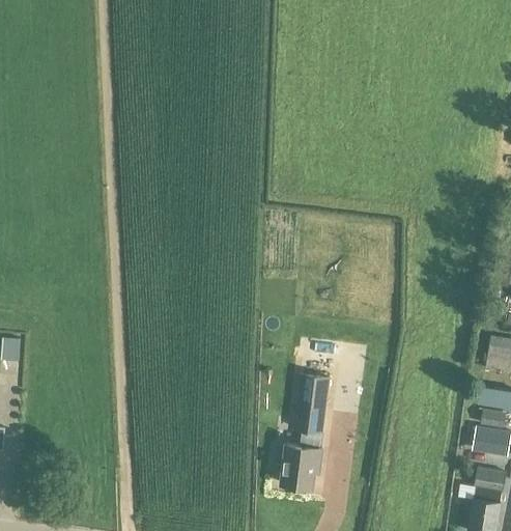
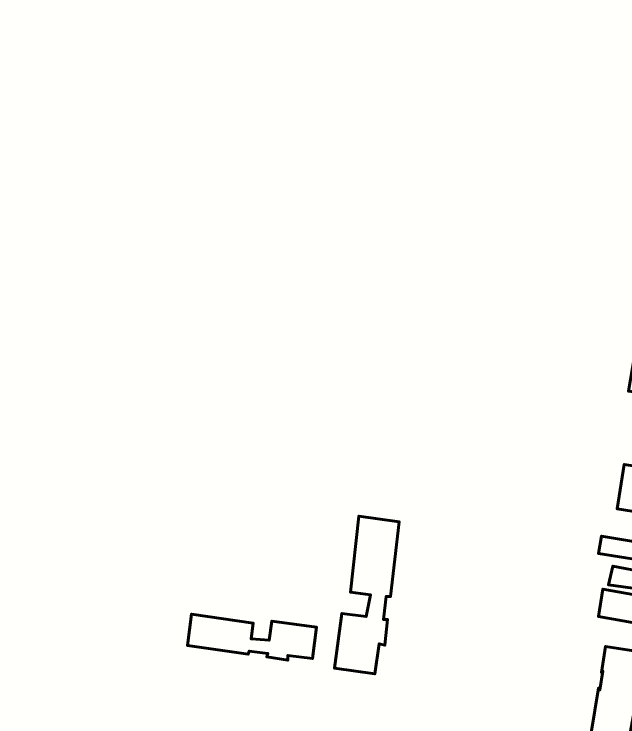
building: none -> [188,614,316,660]

